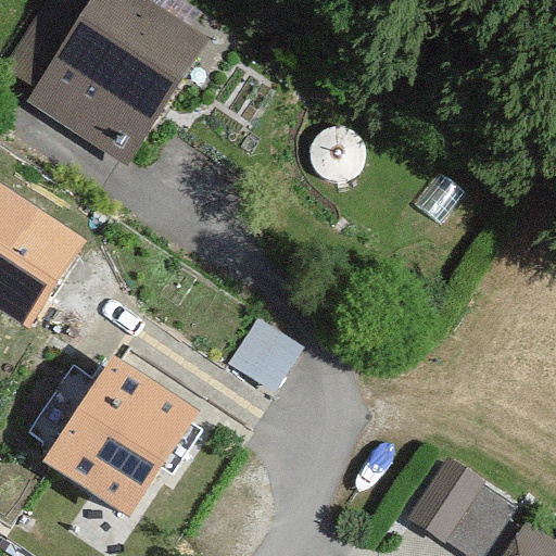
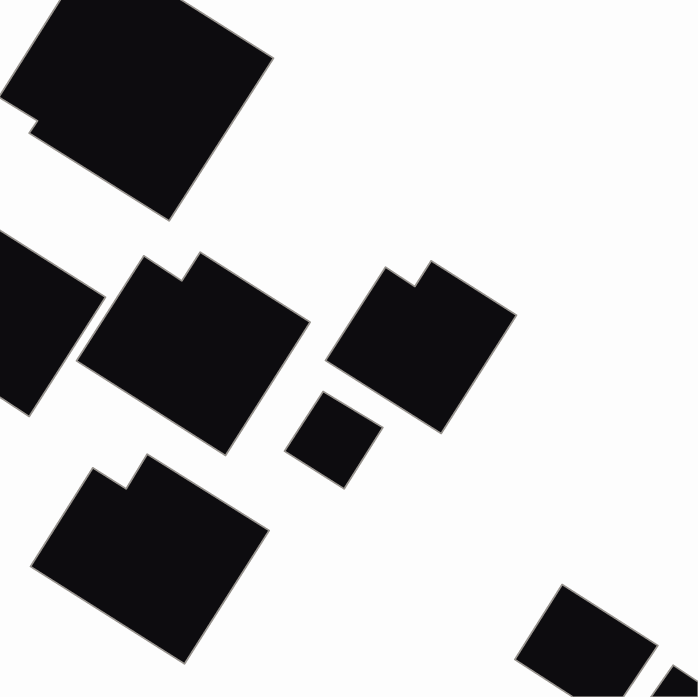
building: none -> [76,252,310,455]
building: none -> [325,261,516,434]

